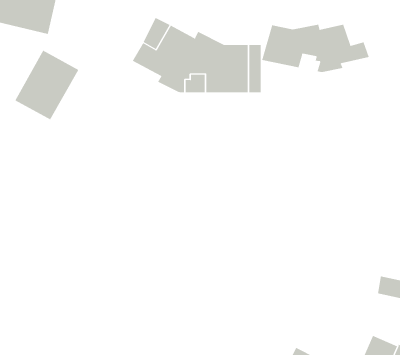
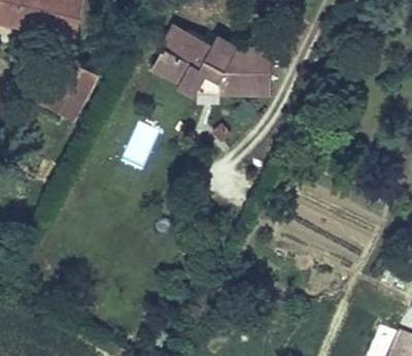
building: [262,24,369,73] -> none
building: none -> [119,121,160,171]

